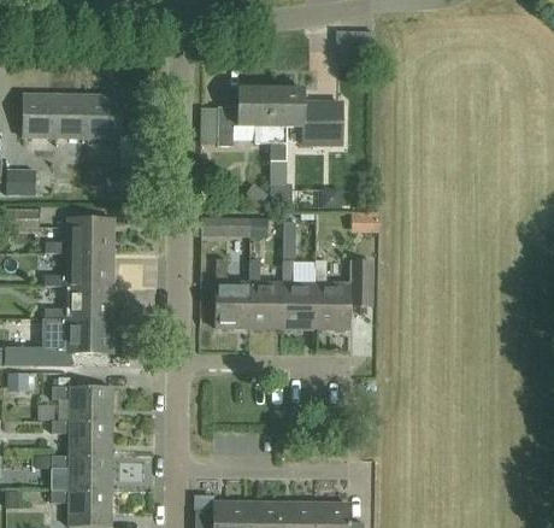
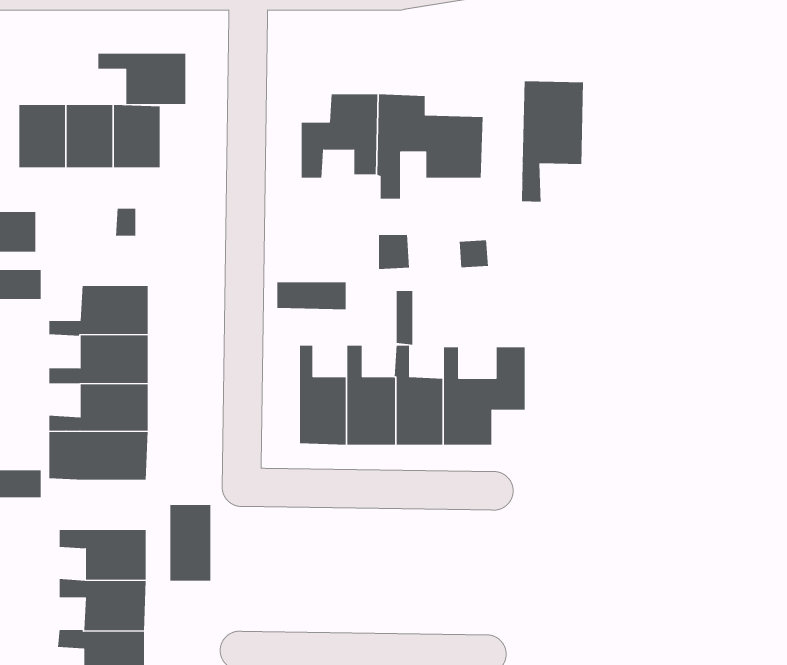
building: none -> [98,53,186,105]
building: none -> [521,81,584,202]
building: none -> [170,504,211,581]

